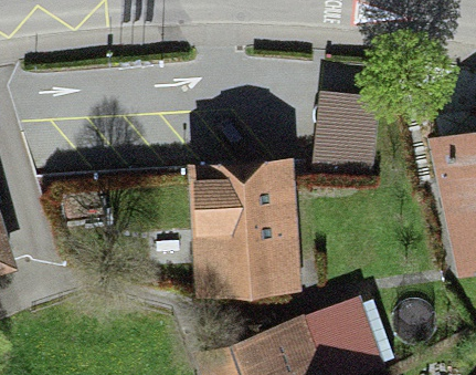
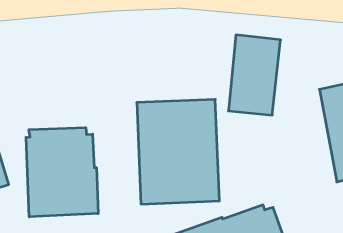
building: none -> [26,128,98,217]

